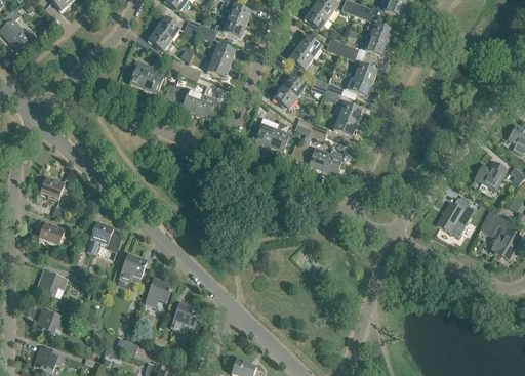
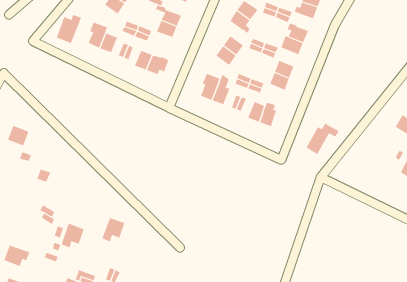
building: none -> [56,14,82,44]
building: [436,197,474,233] -> [306,123,340,155]
building: [38,221,65,245] -> none
building: [86,222,121,253] -> none
building: [119,254,146,283] -> [61,223,85,248]
building: [36,270,66,295] -> none
building: [170,302,198,331] -> none

